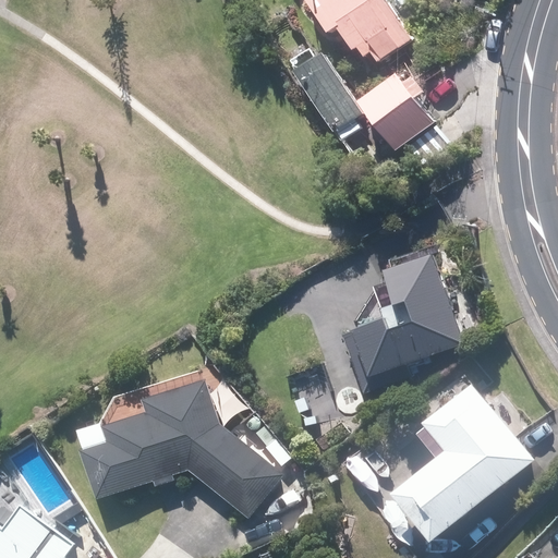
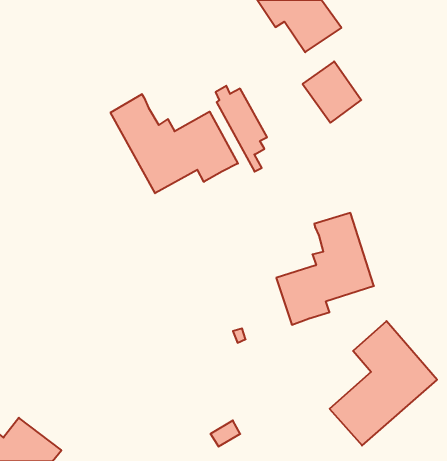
building: [298,51,360,155] -> [216,86,267,172]
building: none -> [111,94,238,193]
building: [81,381,278,518] -> none

